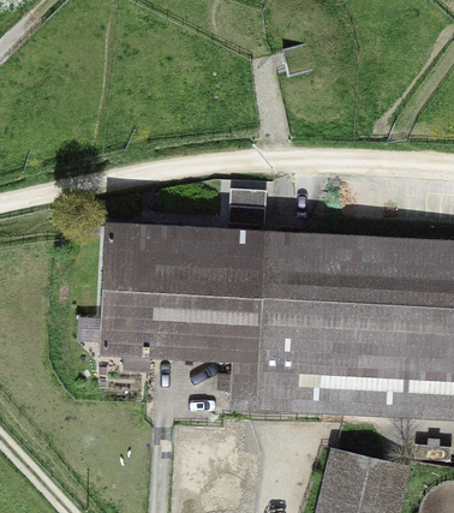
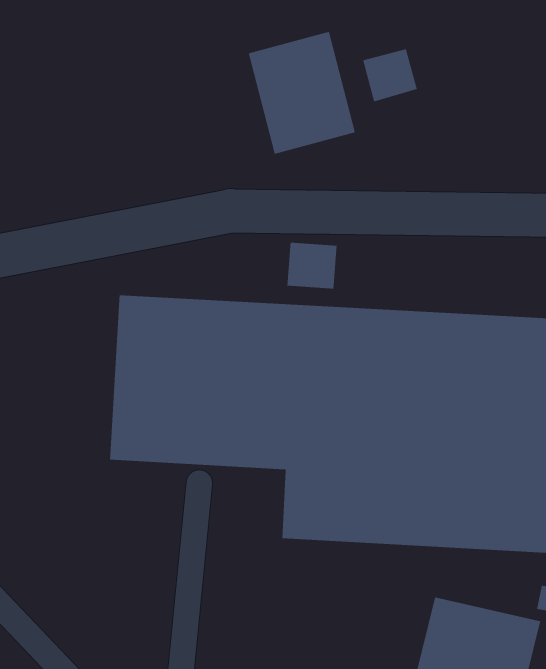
building: none -> [248,31,356,155]

